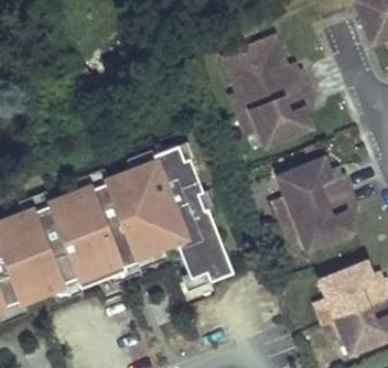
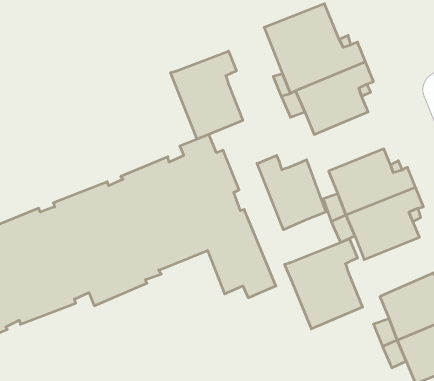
building: none -> [171,51,243,139]
building: none -> [257,155,326,230]
building: none -> [285,239,363,329]

